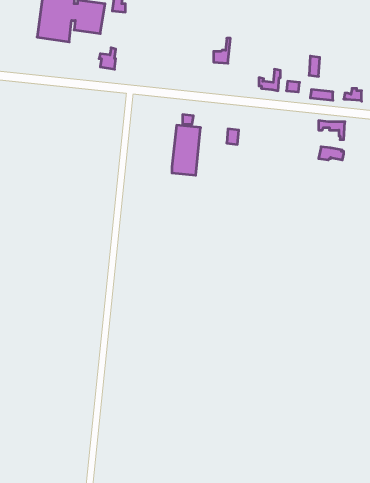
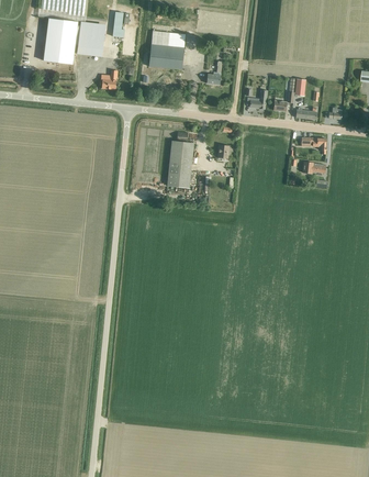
building: none -> [147,31,183,68]

